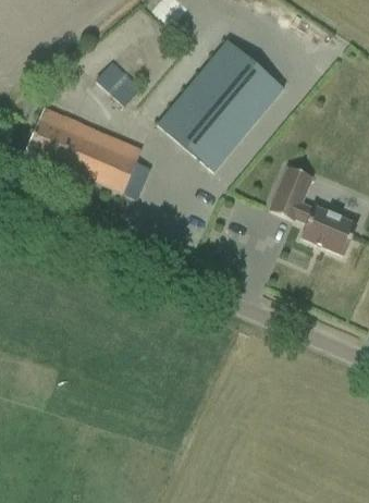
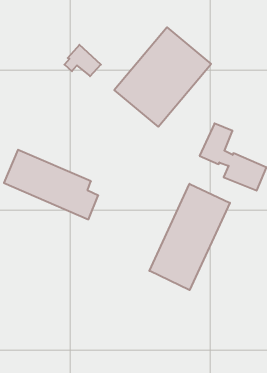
building: [26,108,150,199] -> [4,150,98,219]
building: none -> [149,184,230,290]

